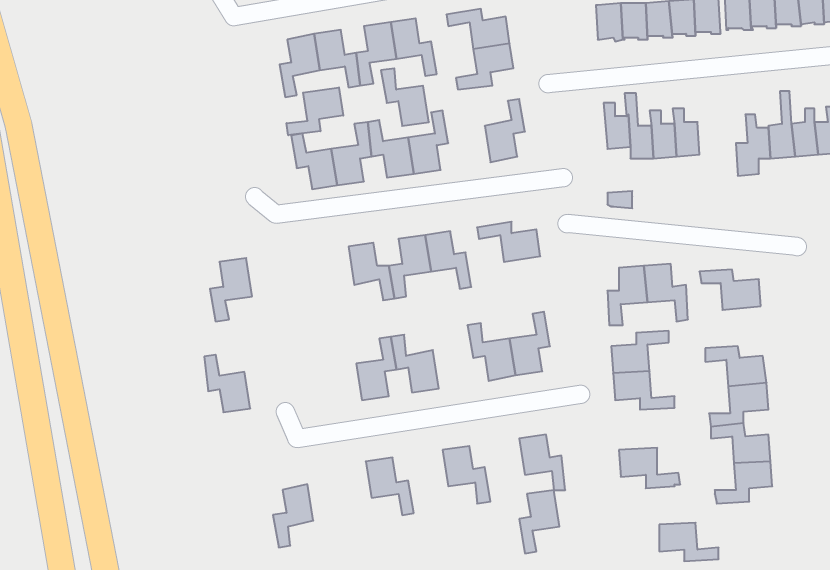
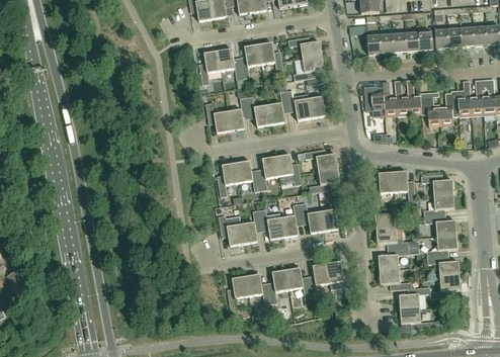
building: [381,68,429,126] -> [285,89,311,119]
building: [287,87,343,135] -> none
building: none -> [420,95,441,125]
building: none -> [309,167,339,191]
building: [210,258,252,321] -> [217,162,239,195]
building: none -> [423,193,454,215]
building: none -> [280,203,302,237]
building: [204,355,250,412] -> [219,214,243,245]
building: none -> [378,247,408,269]
building: none -> [267,269,288,302]
building: none -> [399,285,429,308]
building: [273,484,313,547] -> [227,275,248,308]
building: [519,490,559,553] -> [308,263,329,296]

